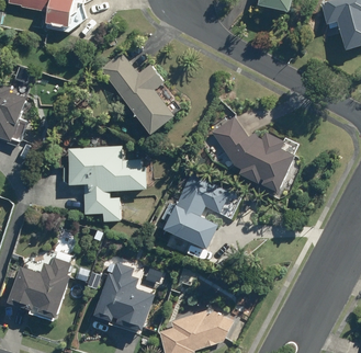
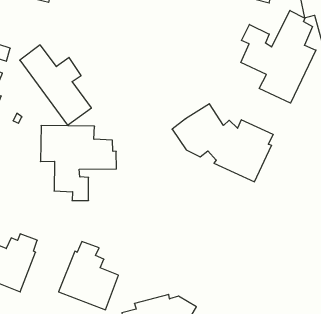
building: none -> [241,10,316,103]
building: [99,53,173,132] -> [20,45,91,125]
building: [165,174,228,247] -> none

